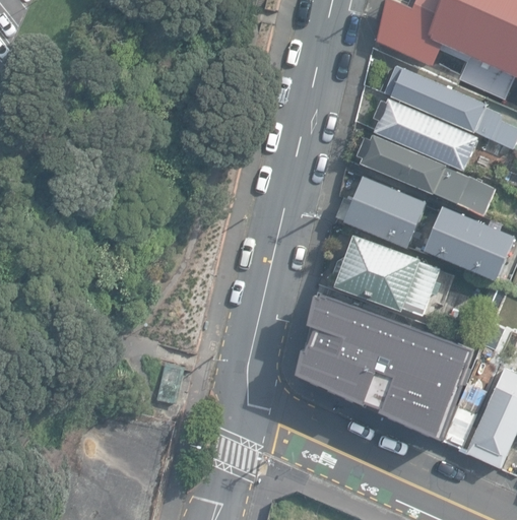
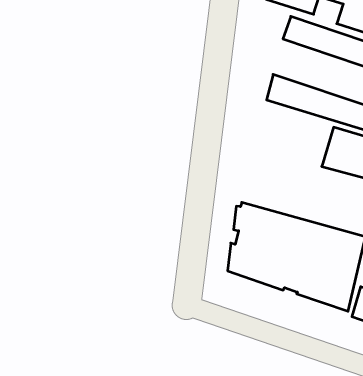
building: [380,99,477,171] -> none
building: [342,176,426,249] -> none
building: [332,235,441,316] -> none

